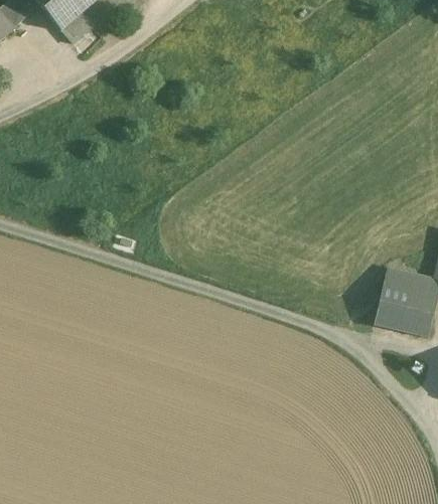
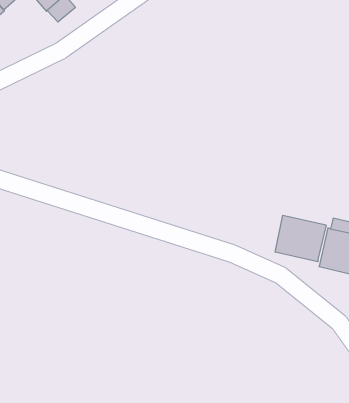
building: none -> [275,215,326,262]

